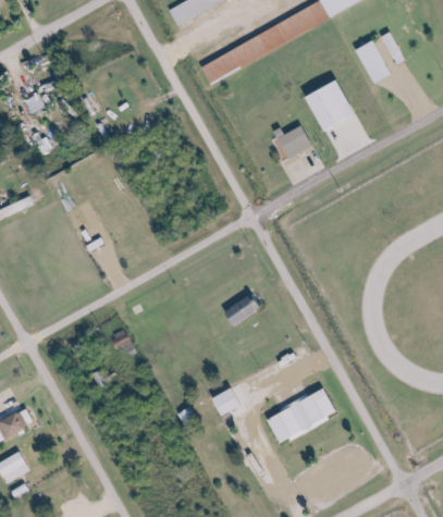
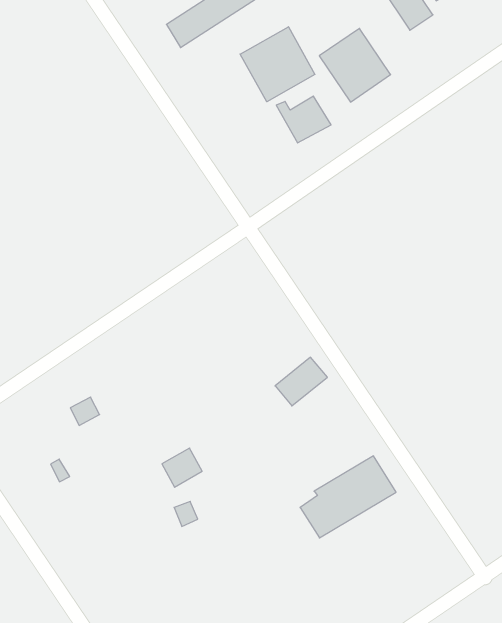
building: none -> [240,27,315,102]
building: [223,292,261,325] -> [275,357,327,406]
building: [212,386,241,414] -> [162,448,202,487]

